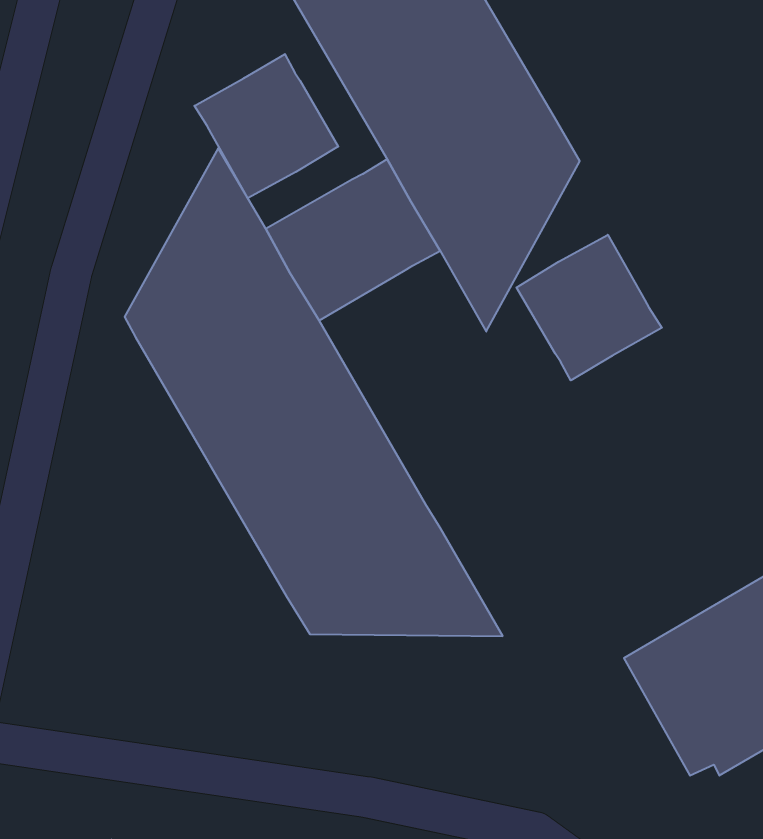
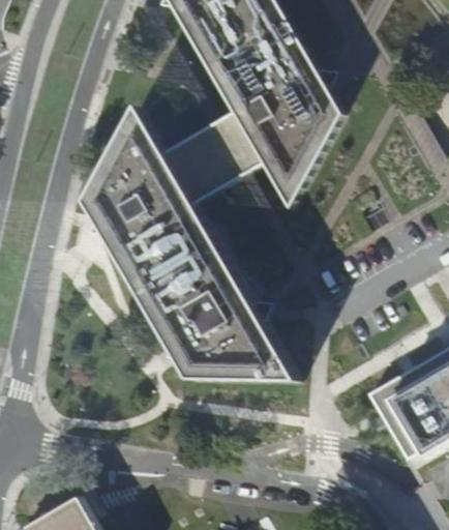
building: [194,54,338,198] -> none
building: [516,235,662,380] -> none

